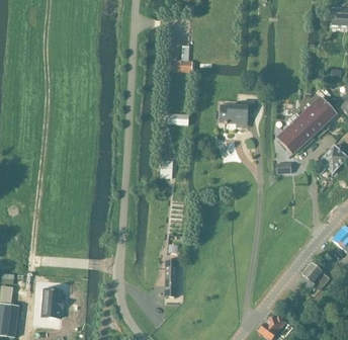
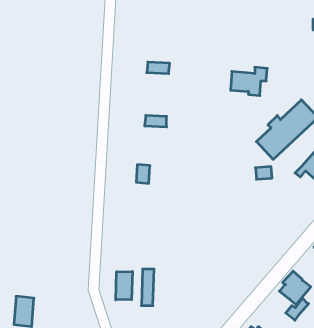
building: [219,100,254,128] -> [231,67,267,96]
building: none -> [116,271,132,300]

